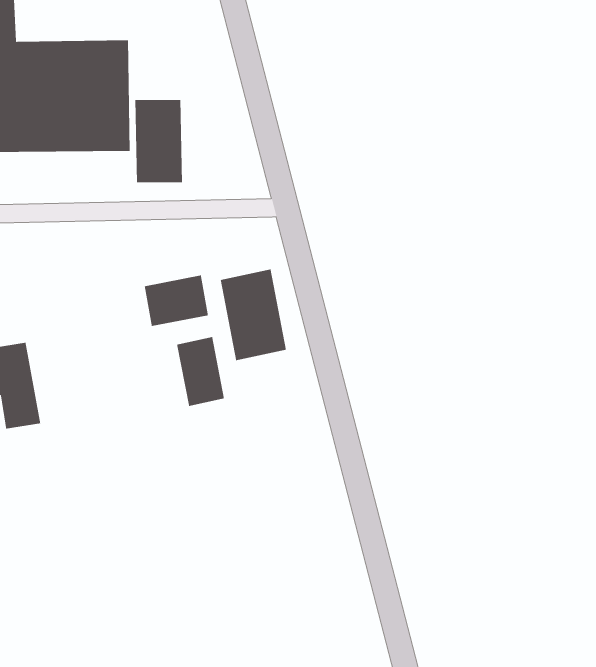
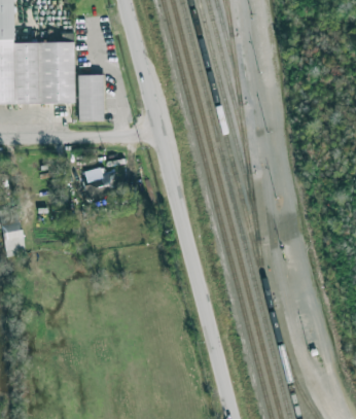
building: [220,269,287,361] -> none
building: [176,336,225,407] -> none

